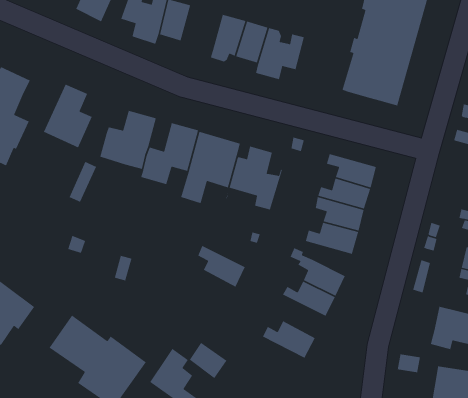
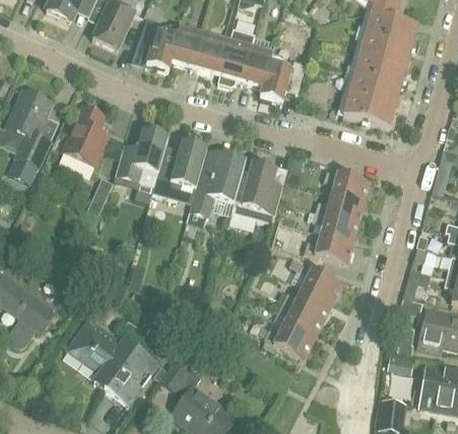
building: none -> [191,33,228,74]
building: [197,245,246,288] -> [279,299,324,338]
building: [189,342,227,379] -> none

